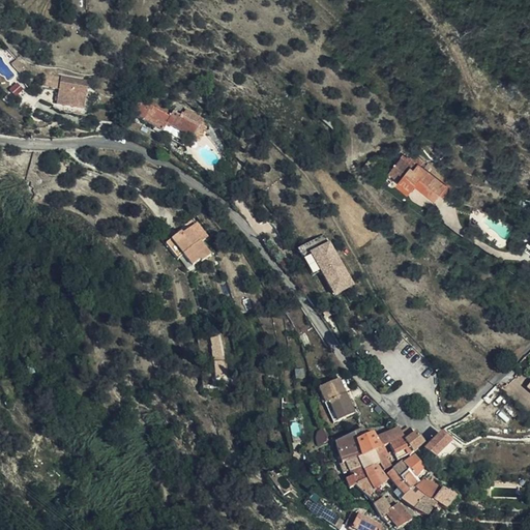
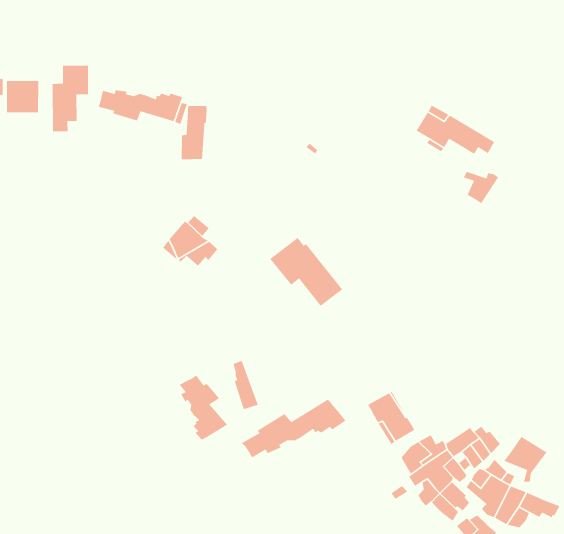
building: none -> [52,65,89,132]
building: none -> [181,105,207,160]
building: none -> [463,171,499,204]
building: [296,239,353,299] -> [269,237,343,307]
building: none -> [178,375,228,441]
building: none -> [241,398,346,458]

